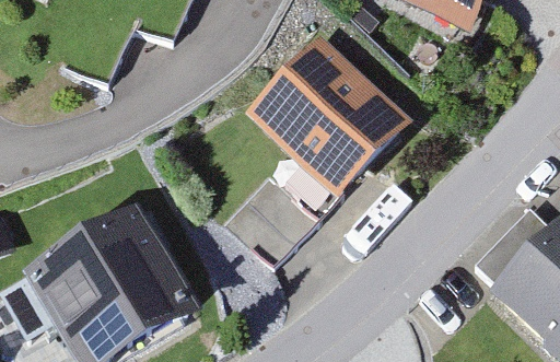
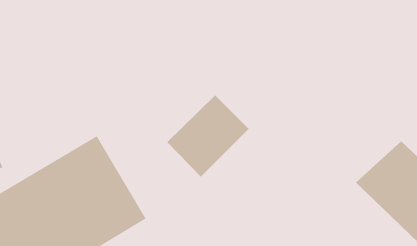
building: [244,42,398,195] -> none

